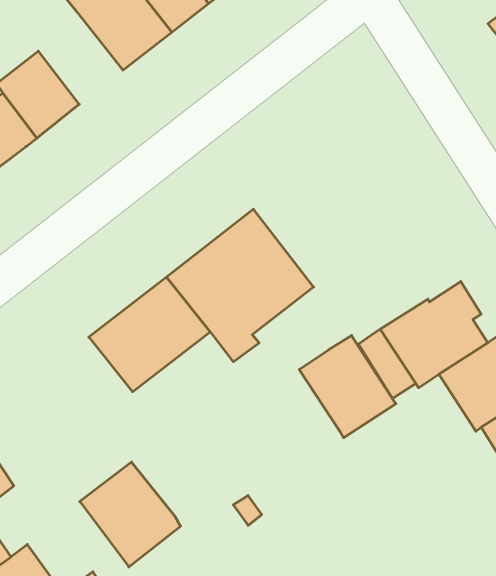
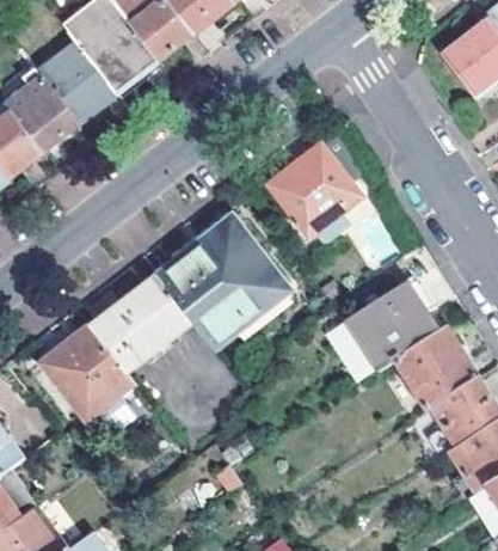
building: none -> [41,42,118,123]
building: none -> [270,146,359,238]
building: [299,335,396,438] -> none
building: [80,462,181,567] -> [43,327,131,420]

